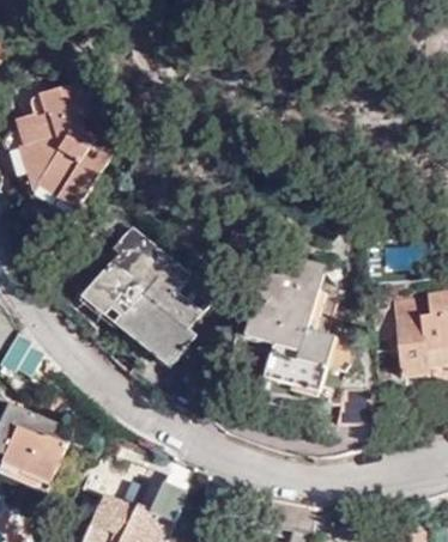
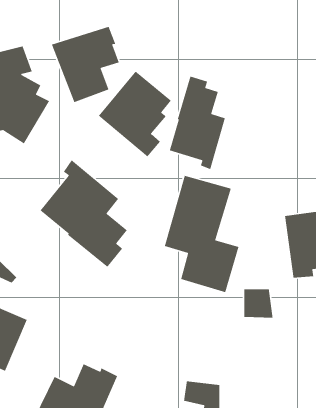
building: none -> [51,26,120,103]
building: none -> [98,71,172,158]
building: none -> [169,75,226,170]

